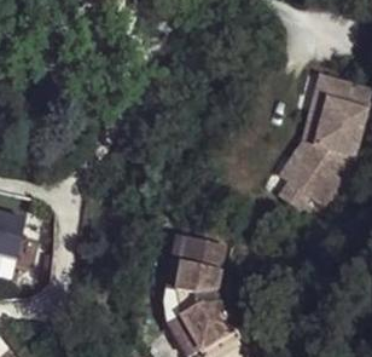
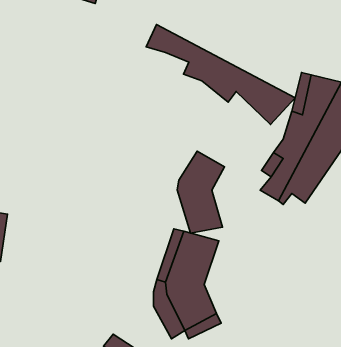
building: none -> [146,24,295,124]
building: none -> [177,151,225,233]

